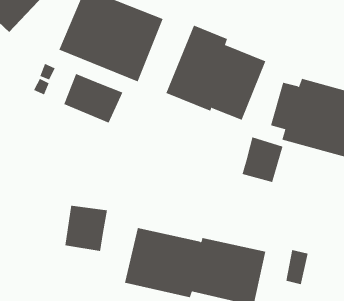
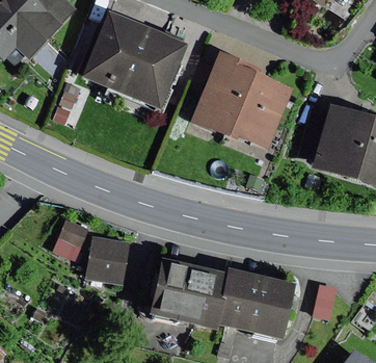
building: [63,73,123,124] -> none
building: [242,137,283,183] -> none
building: none -> [54,218,90,260]

